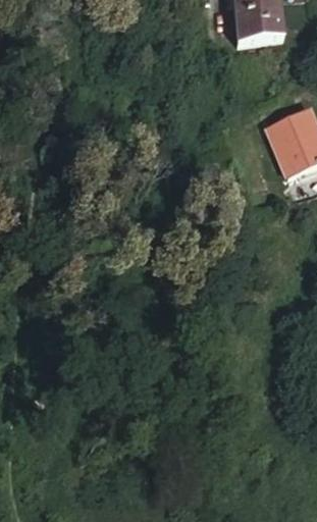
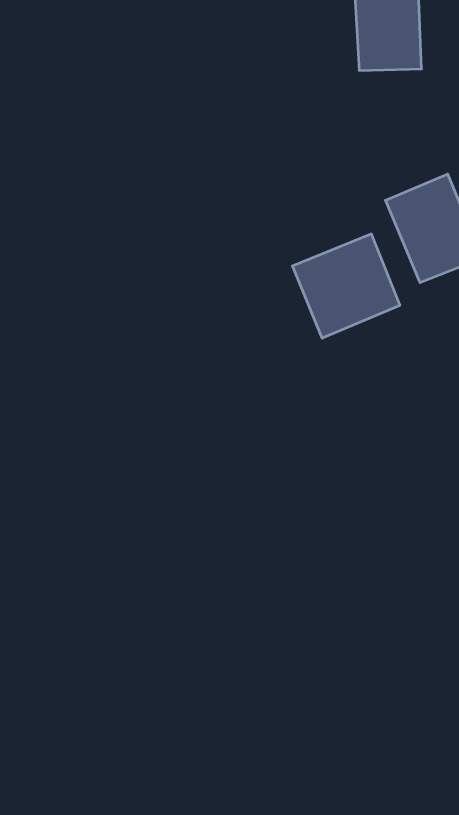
building: none -> [292,234,400,338]

